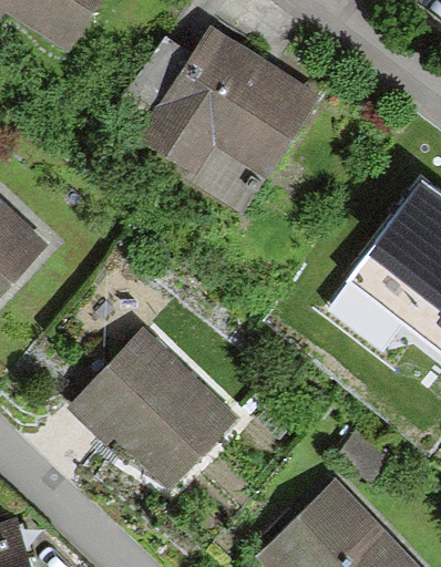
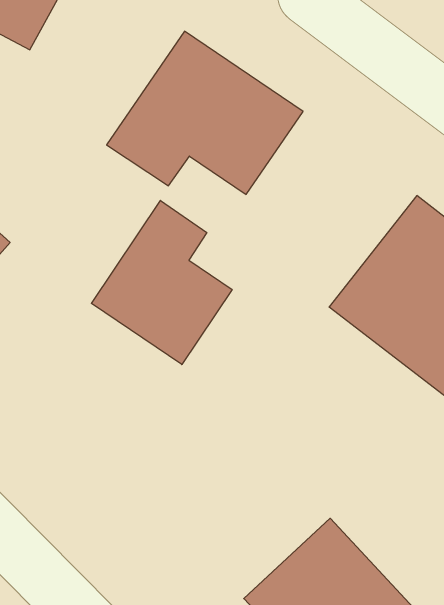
building: none -> [91,200,232,365]
building: [78,323,239,482] -> none

